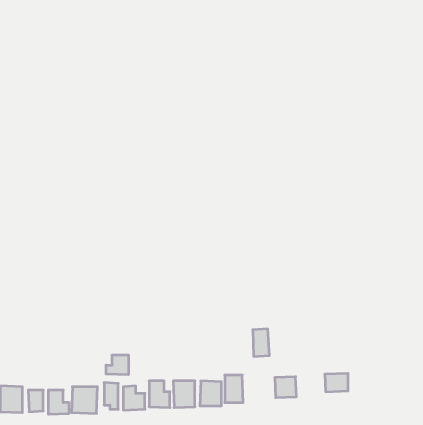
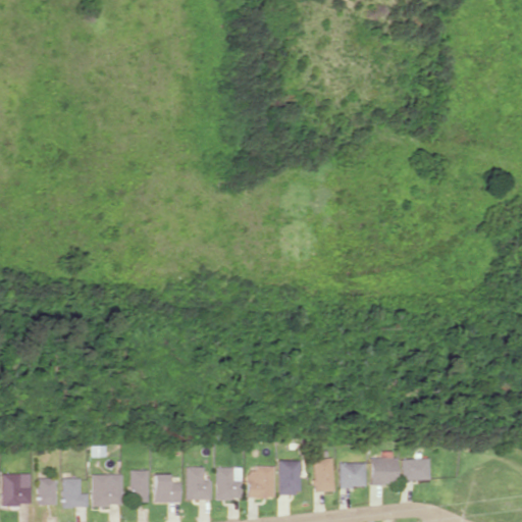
building: [253,329,269,356] -> [314,458,334,491]
building: [106,355,128,375] -> none
building: none -> [370,457,397,484]

